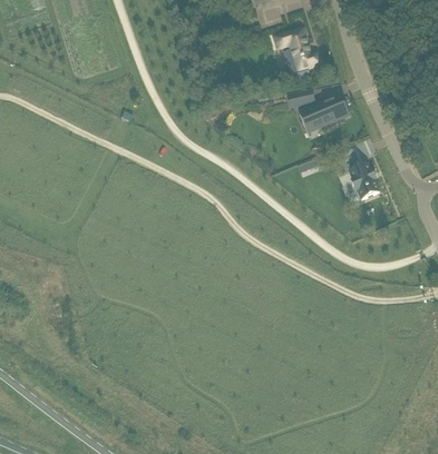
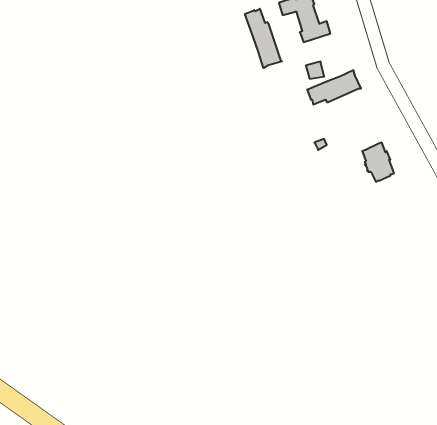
building: none -> [245,9,282,68]

